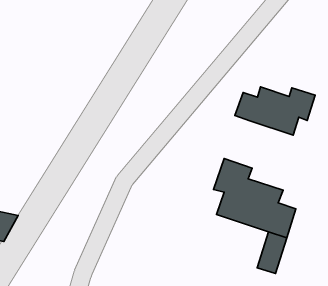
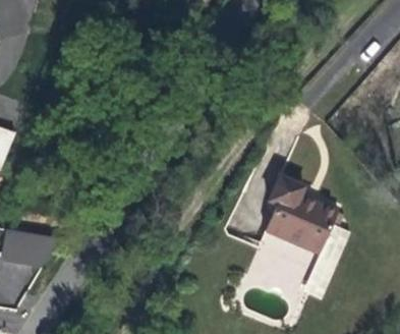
building: [235,87,315,135] -> none

